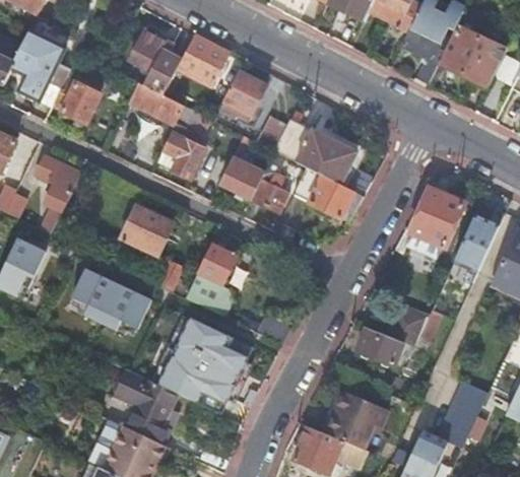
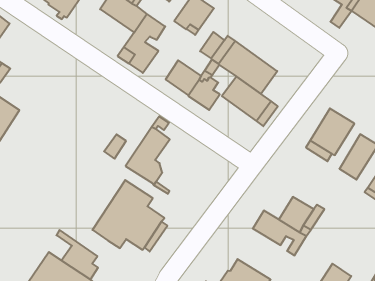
building: [36,155,79,234] -> none
building: [121,205,173,255] -> none
building: [69,266,149,328] -> none
building: [117,367,179,414] -> none

